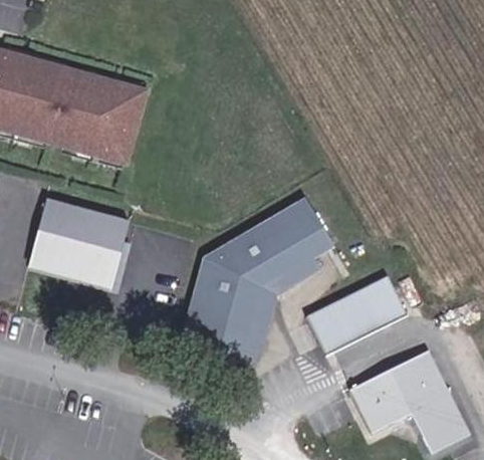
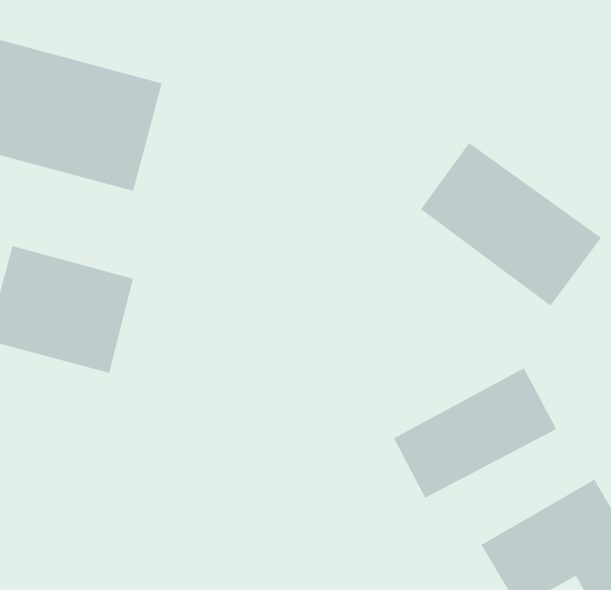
building: none -> [420,142,602,306]
building: [183,195,335,353] -> none

